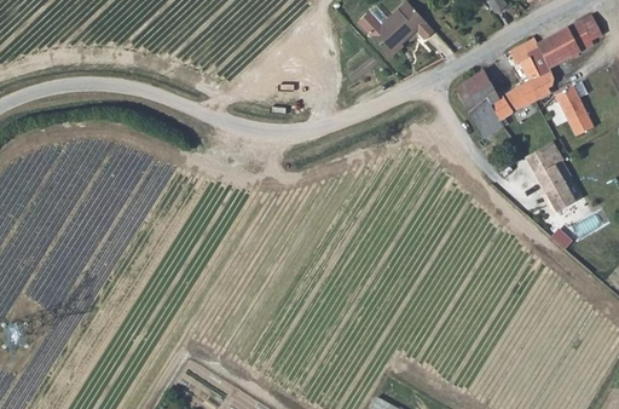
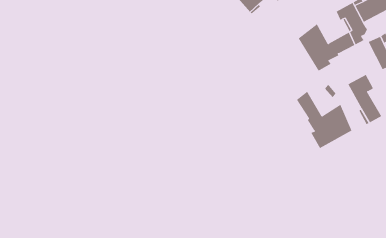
building: none -> [296,91,352,149]

